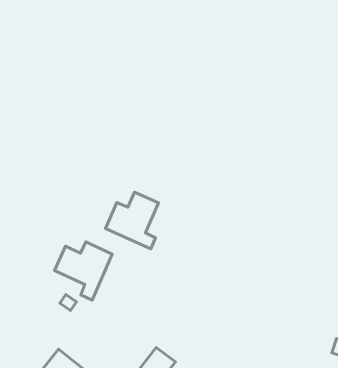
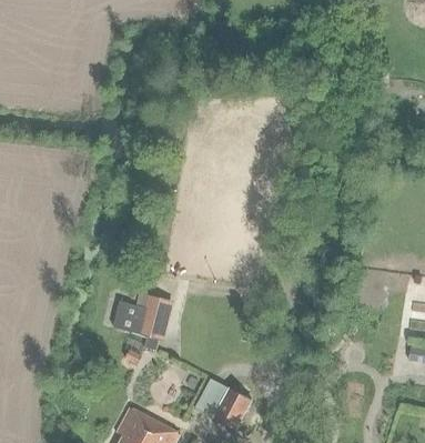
building: [106,192,159,249] -> none

